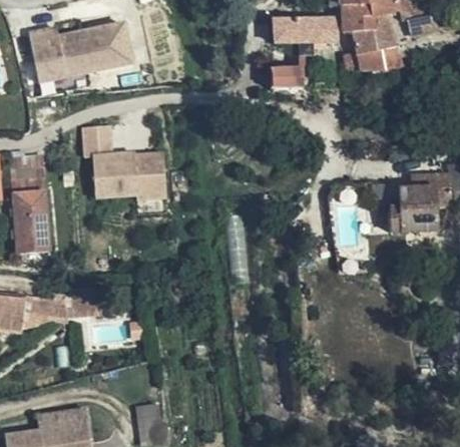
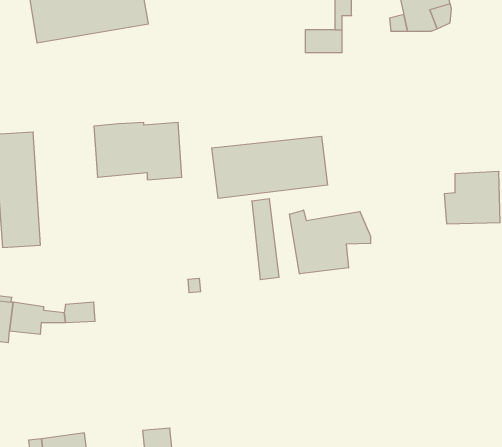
building: [83,120,114,149] -> none
building: none -> [212,136,327,198]
building: none -> [289,210,371,274]

